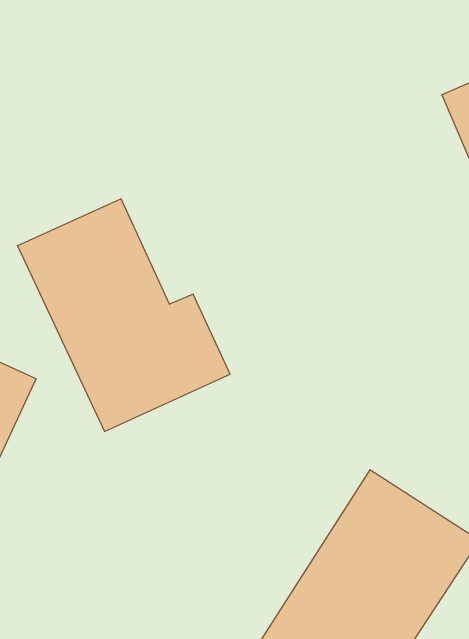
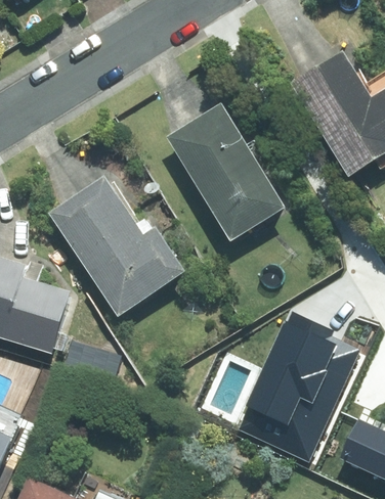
building: none -> [167,102,289,241]

